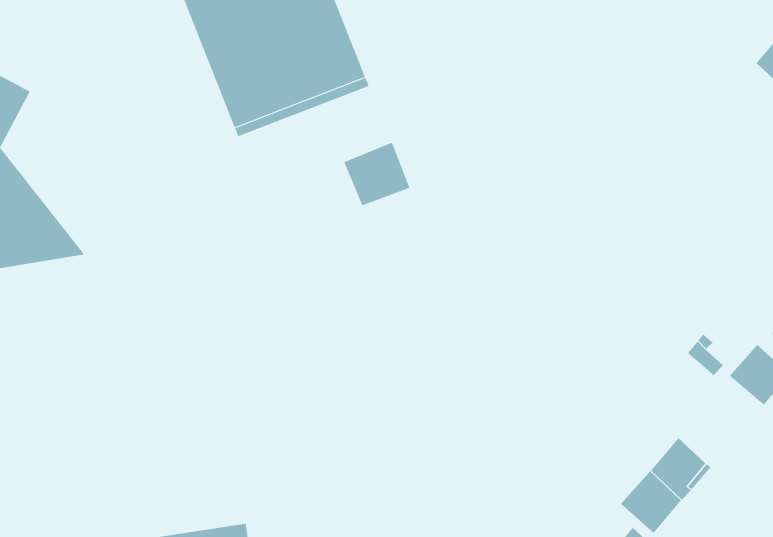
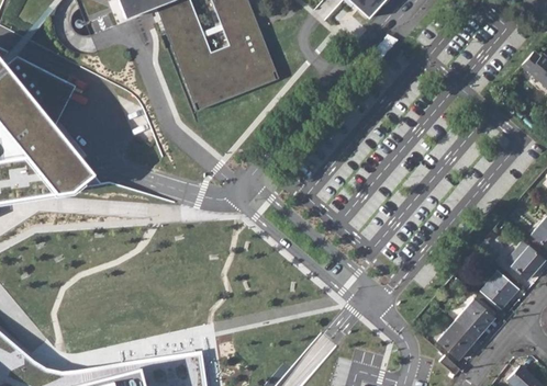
building: [343,142,410,206] -> none
building: none -> [480,272,518,310]

